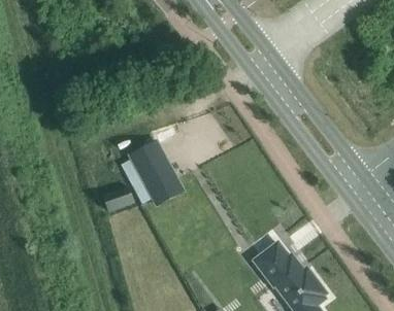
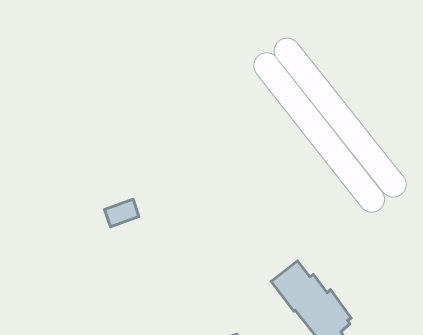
building: [125,137,177,201] -> none

